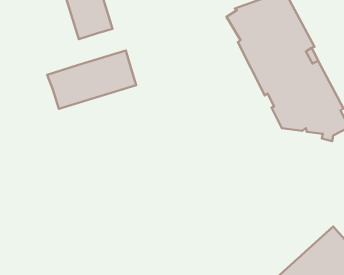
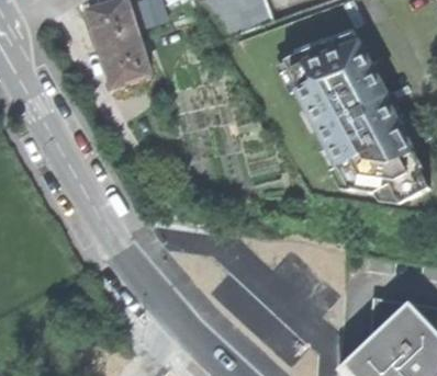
building: [47,51,136,109] -> none

